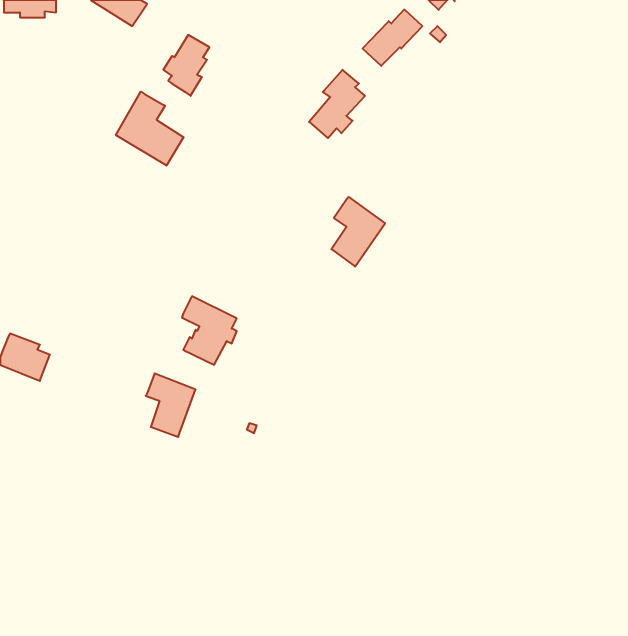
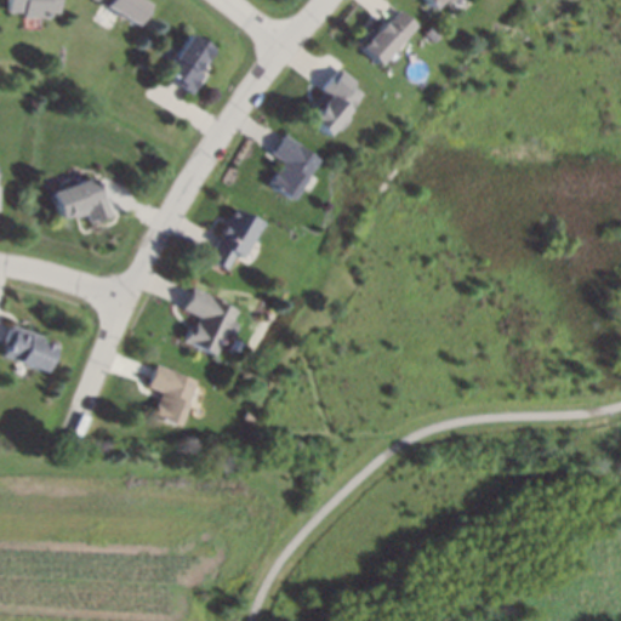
building: [116,92,184,166] -> none
building: none -> [55,177,114,223]
building: [331,197,385,267] -> [270,133,323,201]
building: none -> [211,207,261,269]

